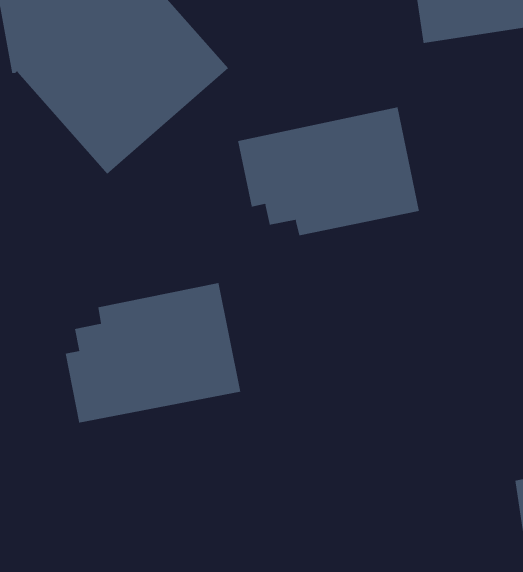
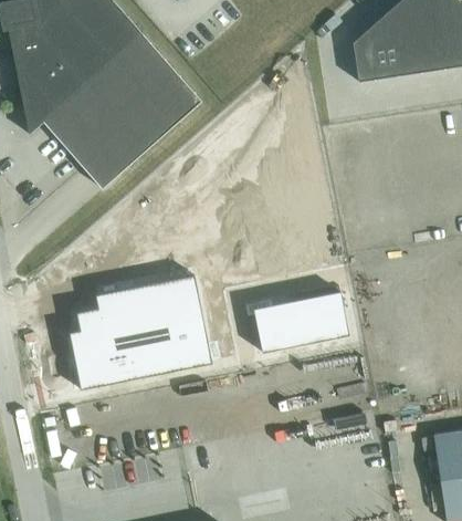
building: [237,106,419,236] -> none
building: none -> [253,292,348,353]

